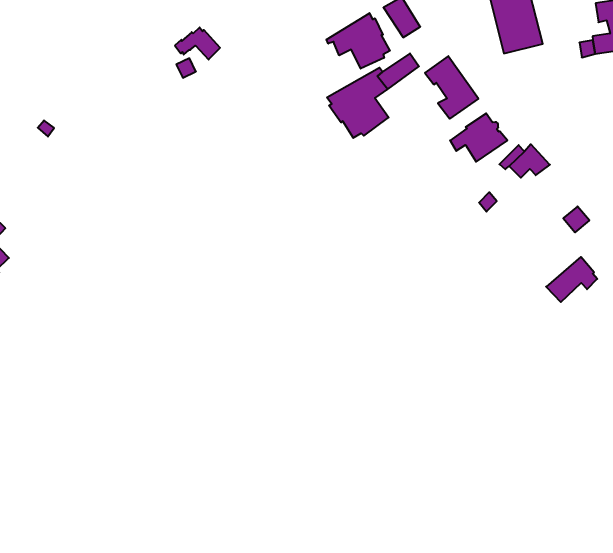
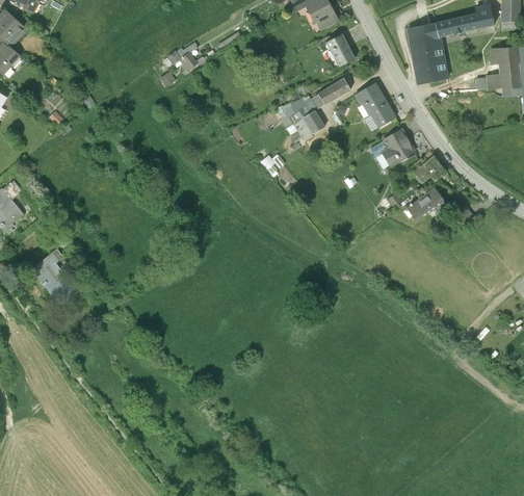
building: [326,13,390,69] -> none
building: [546,257,597,302] -> [404,185,444,218]
building: none -> [34,246,81,304]

